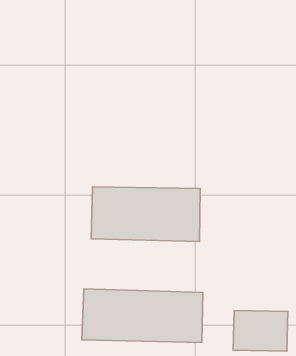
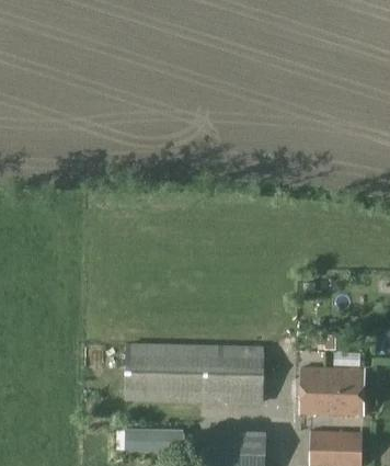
building: [91,187,200,242] -> none

